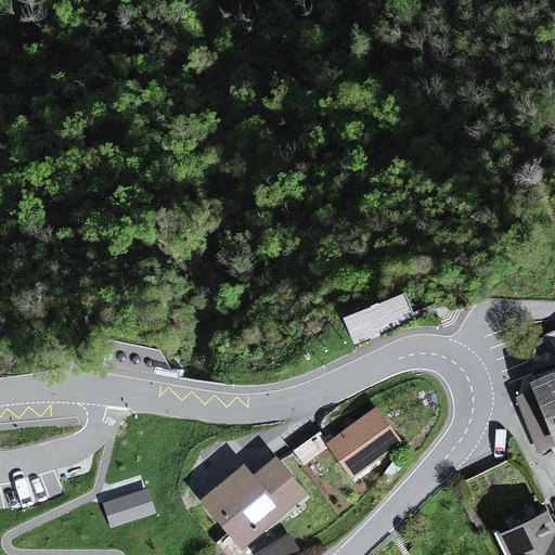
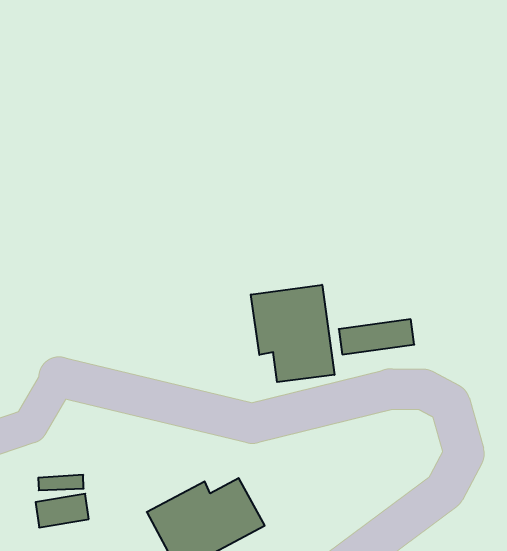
building: none -> [251,285,334,382]
building: [328,409,402,477] -> none

